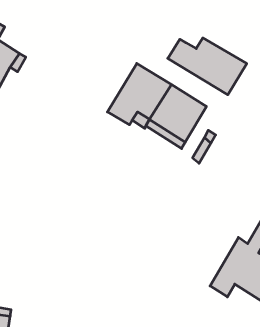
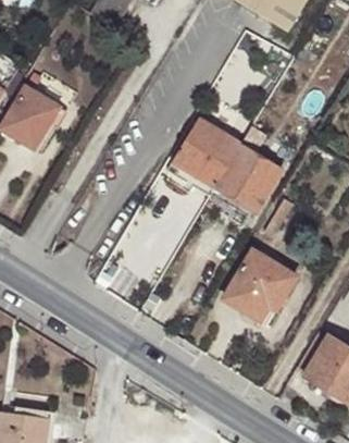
building: [168,38,247,95] -> none
building: none -> [224,249,295,320]

